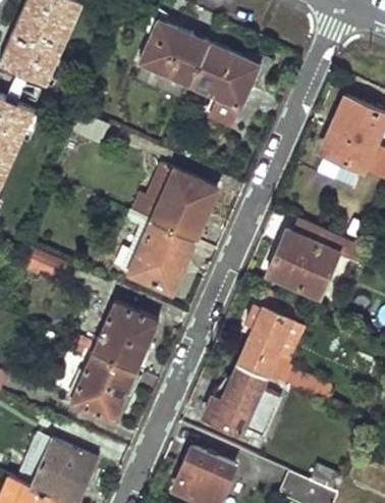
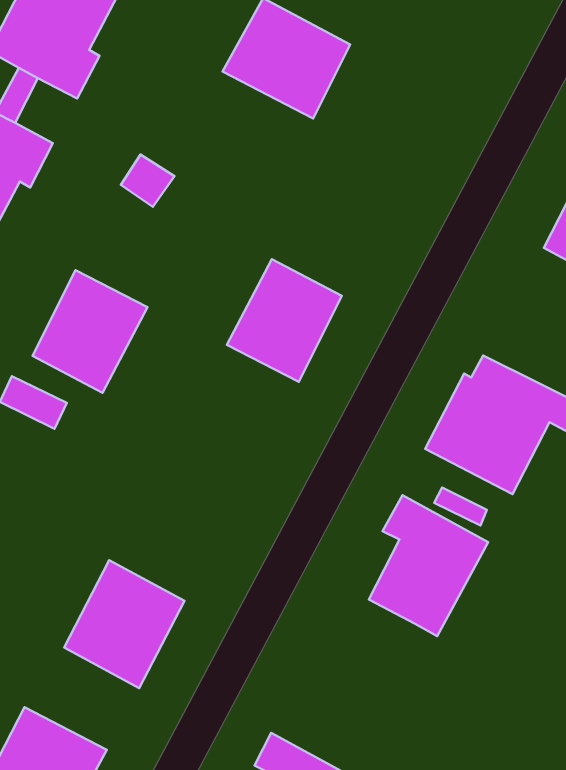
building: [188,46,258,128] -> none
building: [126,223,190,293] -> [32,270,147,393]
building: [89,304,155,372] -> none
building: [204,364,281,438] -> none

